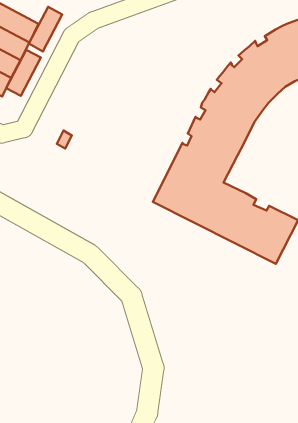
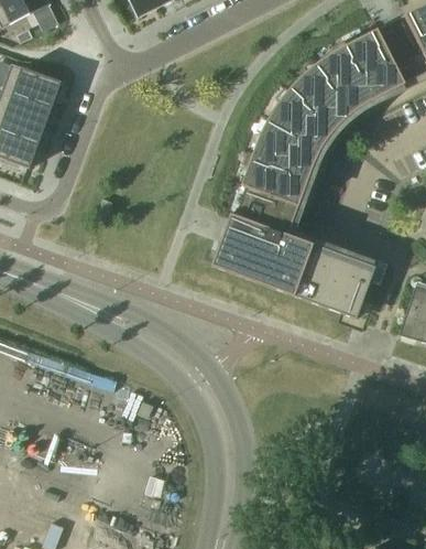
building: [29,7,62,52] -> none
building: [6,50,41,96] -> none

